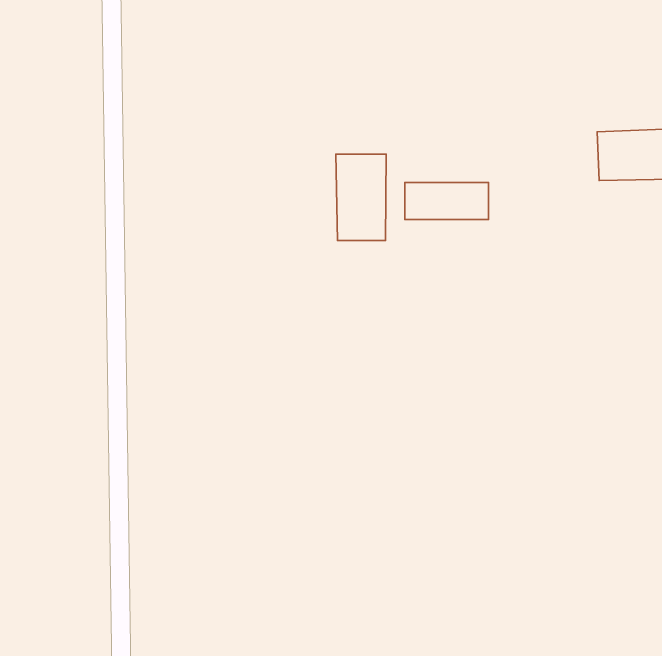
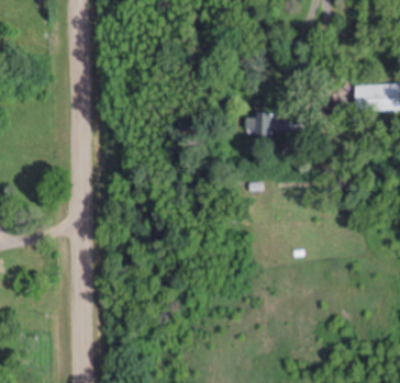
building: [336,154,386,241] -> none

